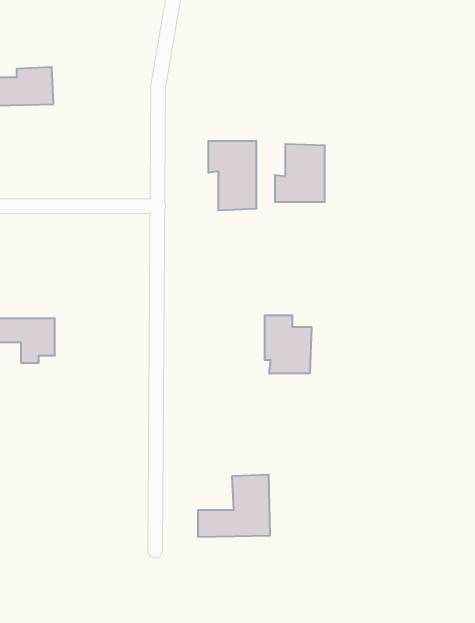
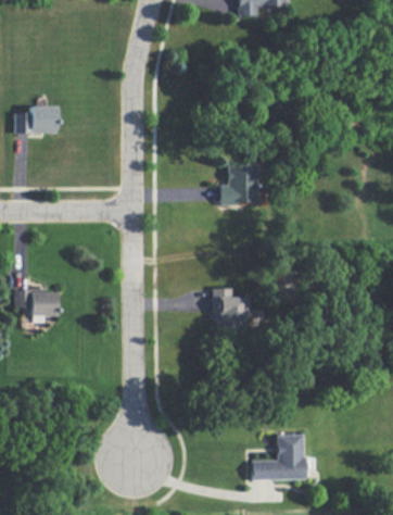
building: [209,141,256,211] -> none
building: [198,475,270,537] -> [253,434,306,479]

